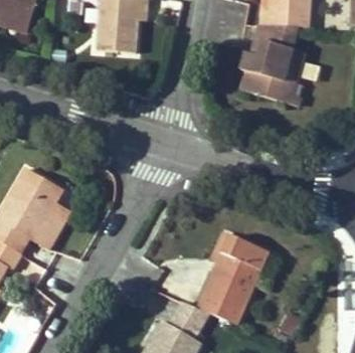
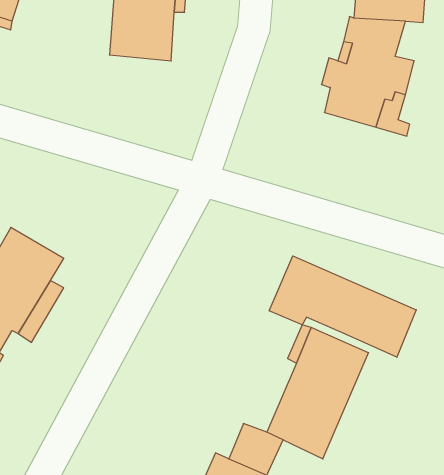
building: none -> [269,256,416,357]

